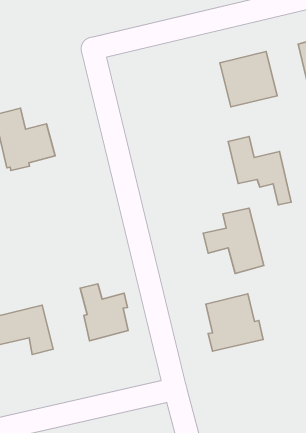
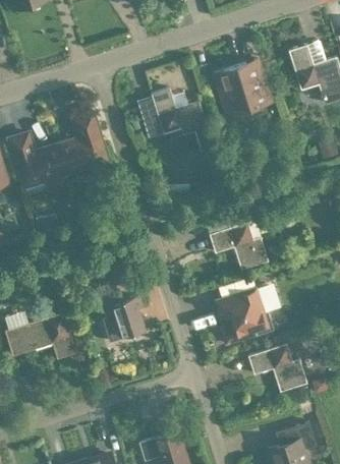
building: none -> [56,109,111,172]
building: [228,136,291,205] -> [151,89,214,151]
building: none -> [248,344,307,392]

